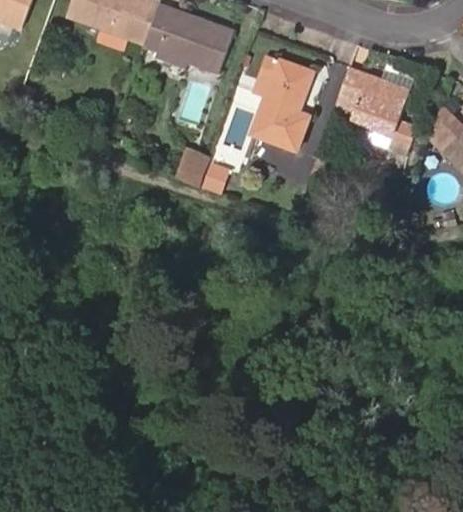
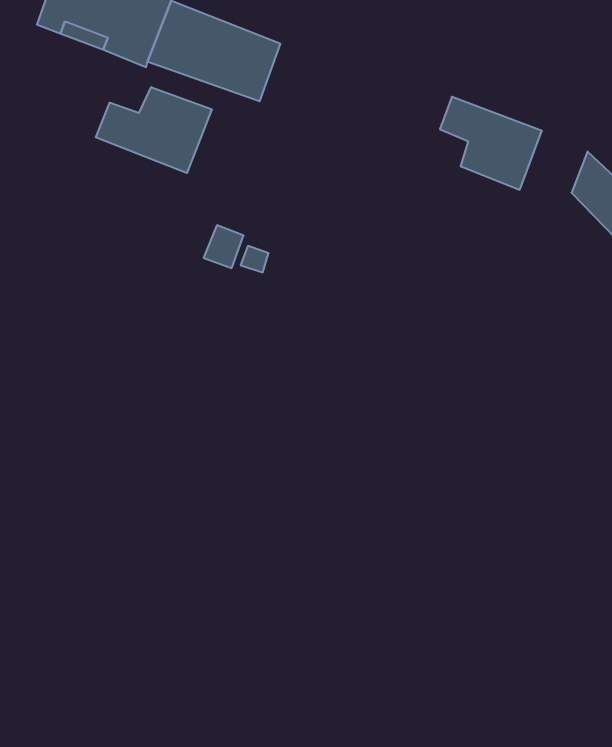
building: [252,57,313,149] -> none
building: none -> [96,87,212,173]

